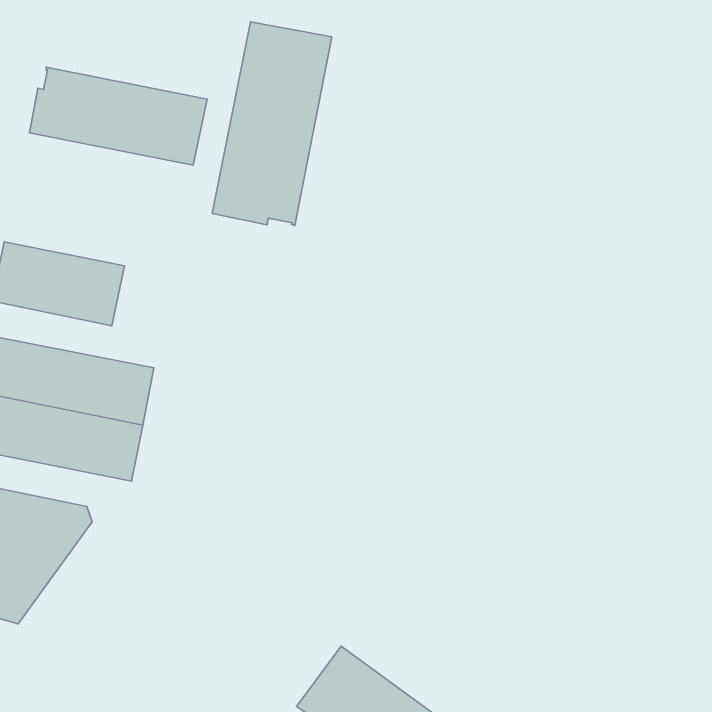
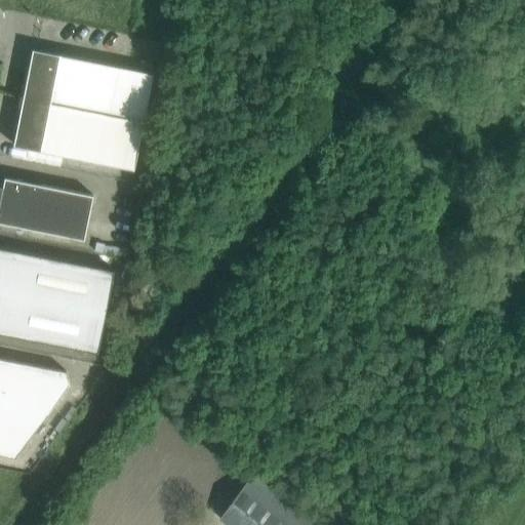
building: [212,22,332,226] -> none
building: none -> [14,99,142,171]

